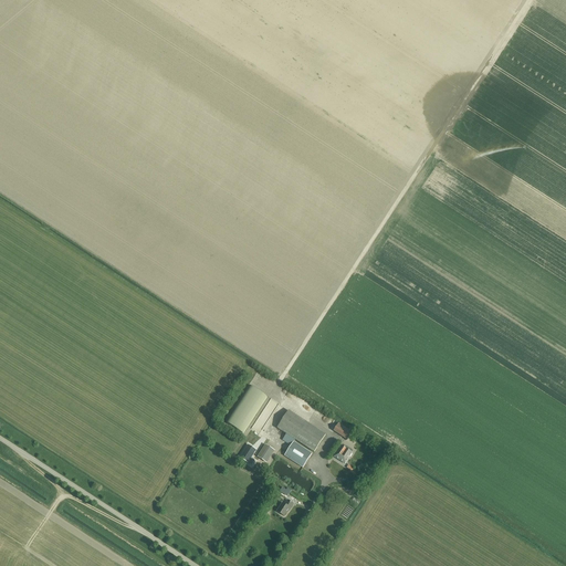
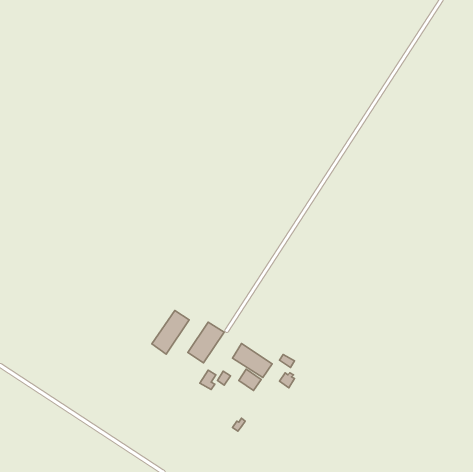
building: none -> [152,311,189,354]

